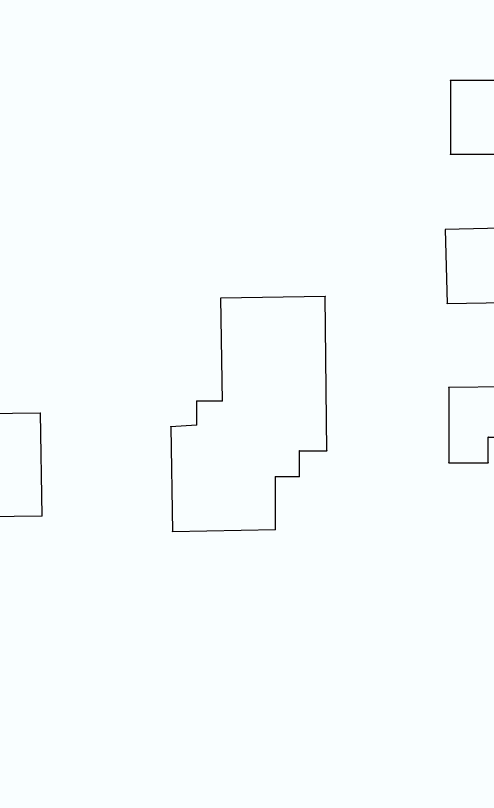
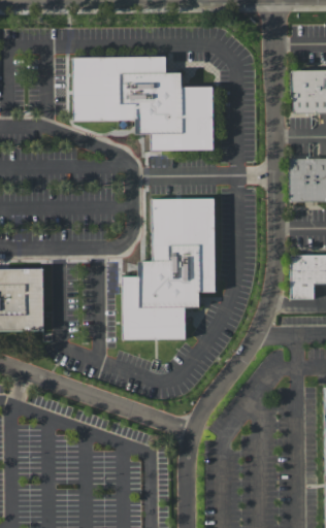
building: none -> [72,57,214,150]

